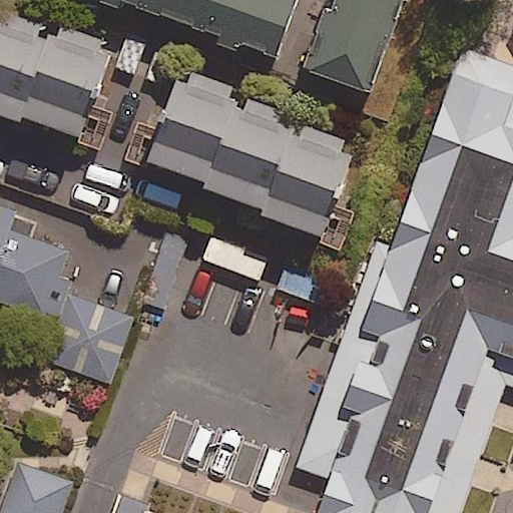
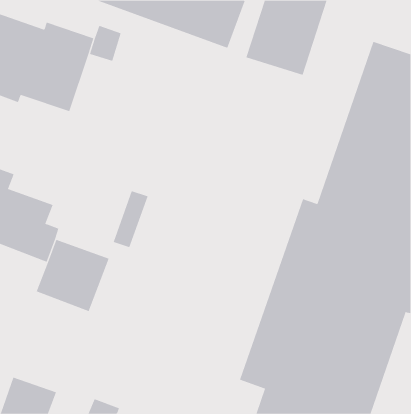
building: [155,74,361,238] -> none

